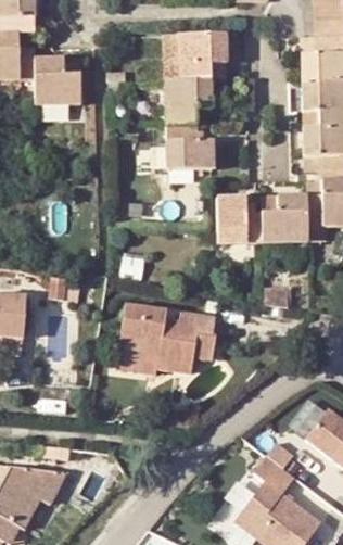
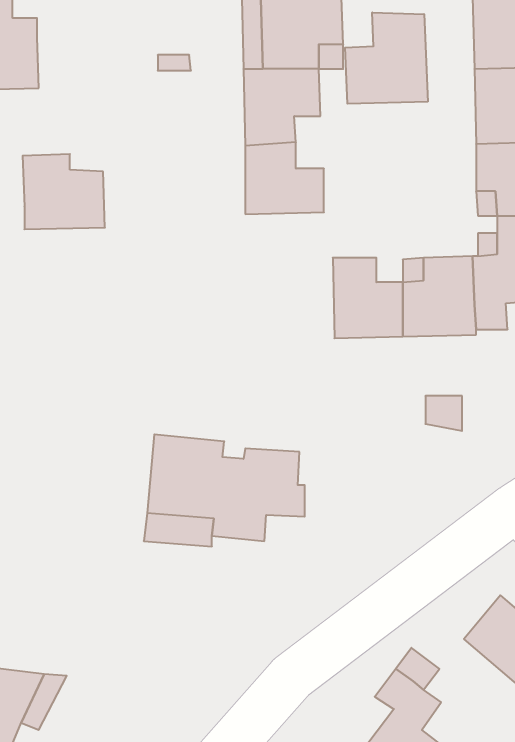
building: none -> [345,12,428,104]
building: [38,59,89,105] -> [23,154,105,229]

